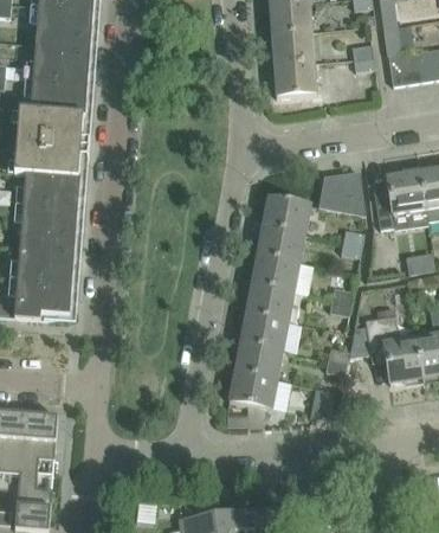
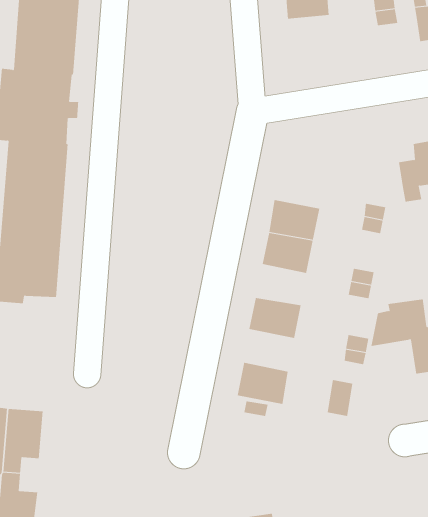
building: [275,62,315,96] -> none
building: [318,172,366,216] -> none
building: [263,197,309,235] -> none
building: [246,284,292,321] -> none
building: [235,342,282,380] -> none

